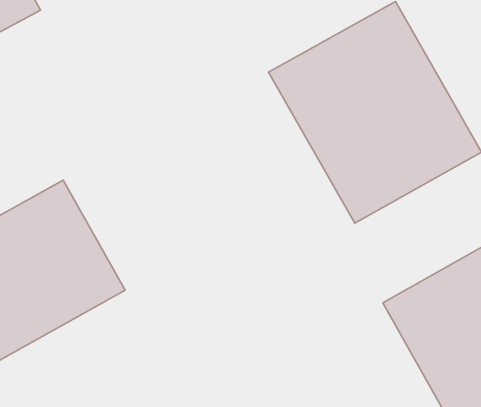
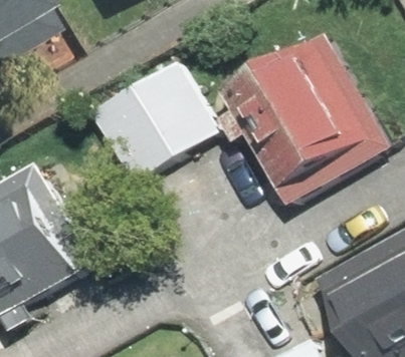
building: none -> [95,59,217,180]

